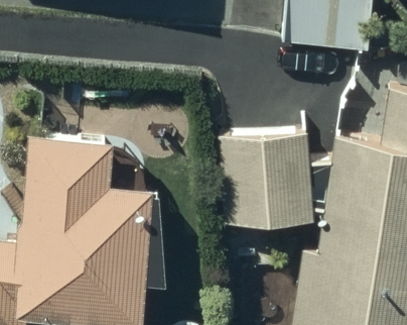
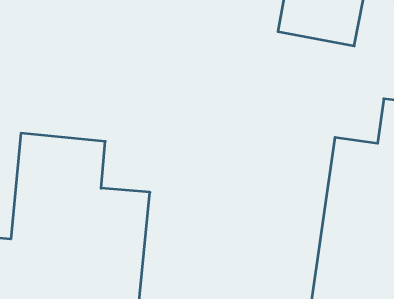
building: [227,136,311,231] -> none

